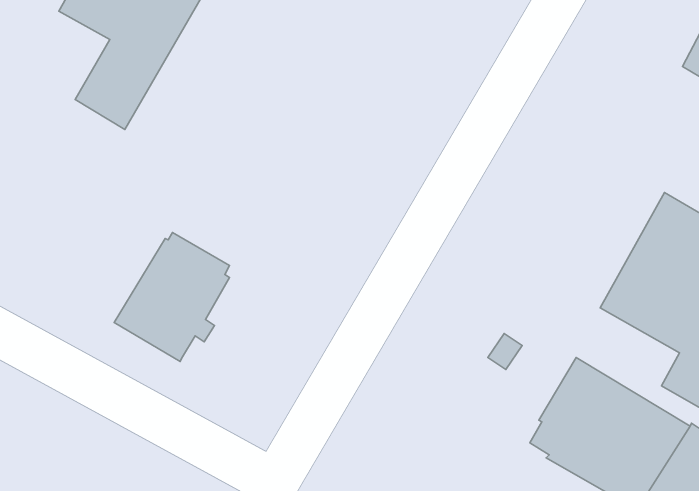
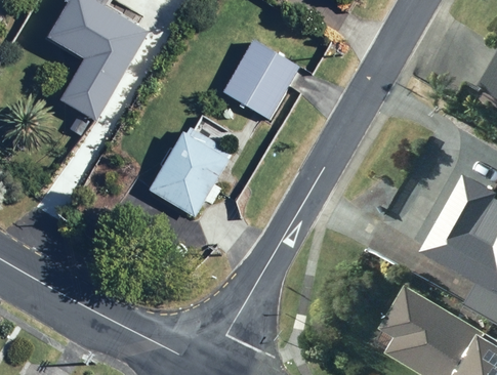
building: none -> [220,40,298,119]
building: [114,232,229,361] -> [150,129,229,217]

